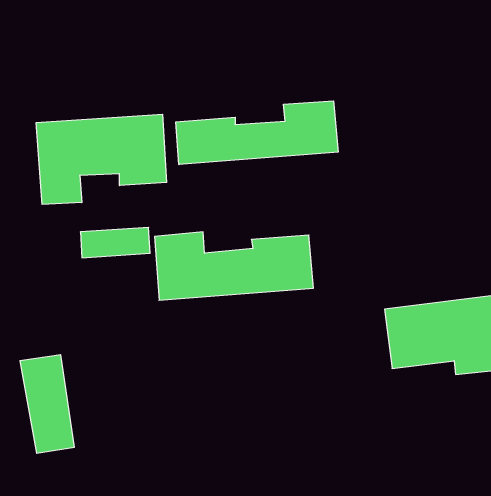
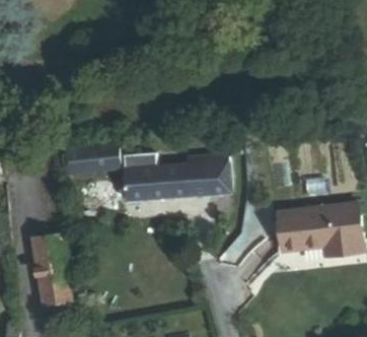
building: [176,101,338,165] -> none
building: [36,114,167,204] -> none

